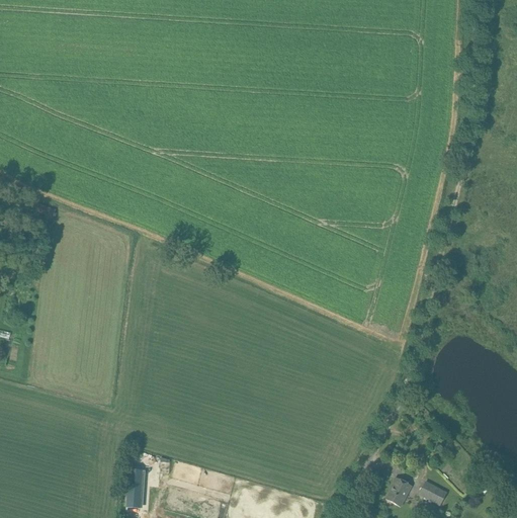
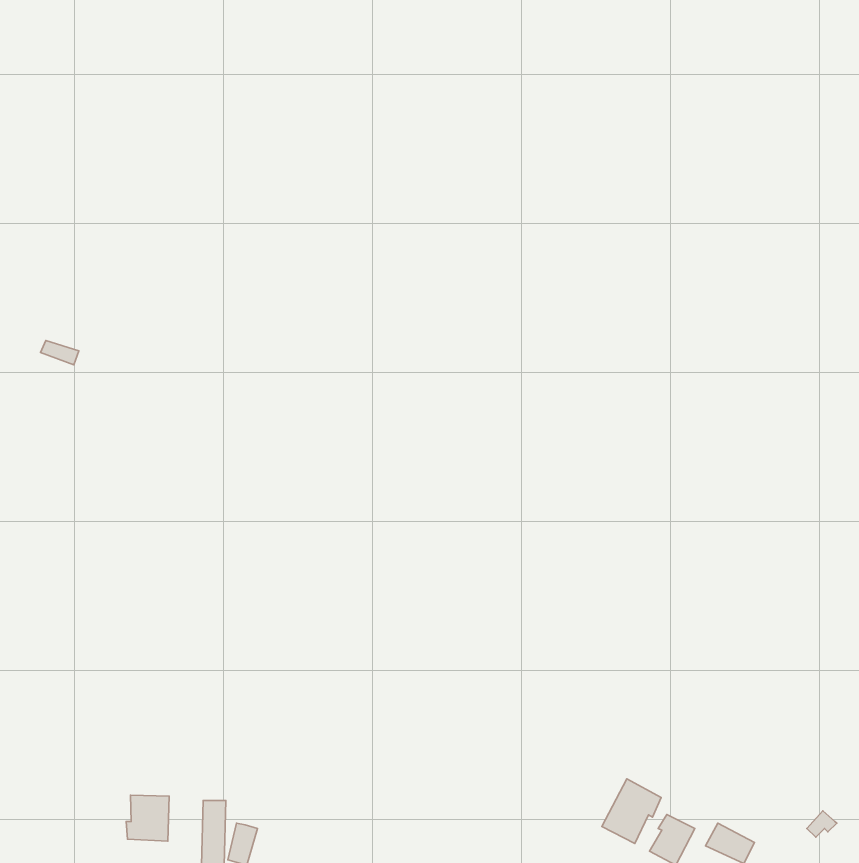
building: none -> [602,779,661,843]
building: none -> [126,795,169,841]

